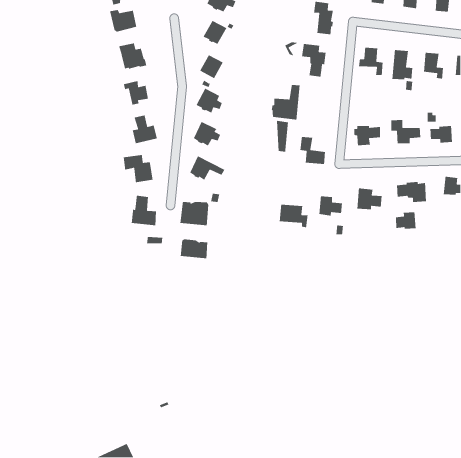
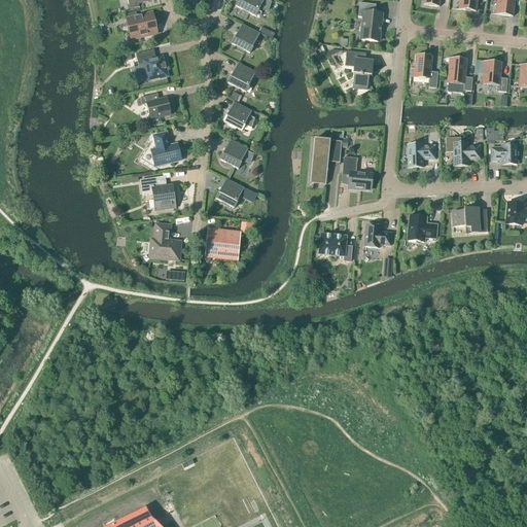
building: [271,84,300,121] -> none
building: [395,211,416,229] -> none
building: [180,238,208,259] -> none

